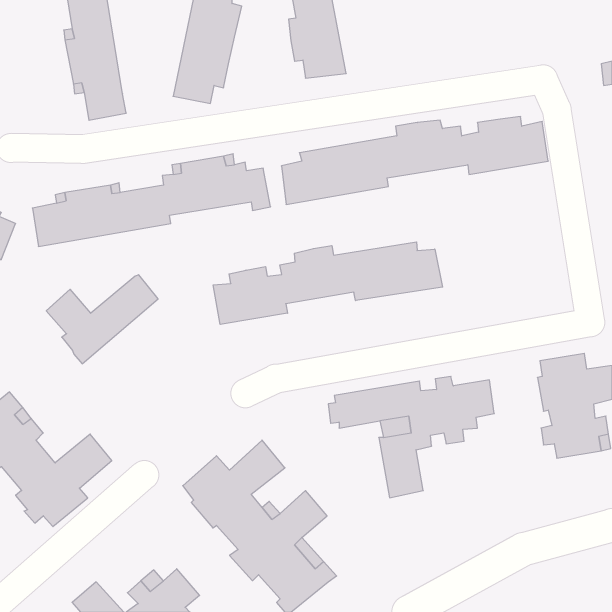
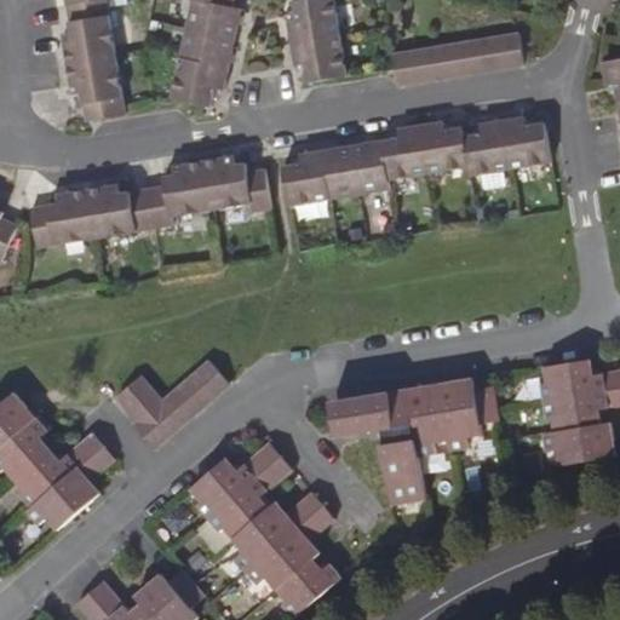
building: none -> [394,33,524,84]
building: [213,242,443,324] -> none
building: [46,275,158,364] -> [111,360,224,449]

